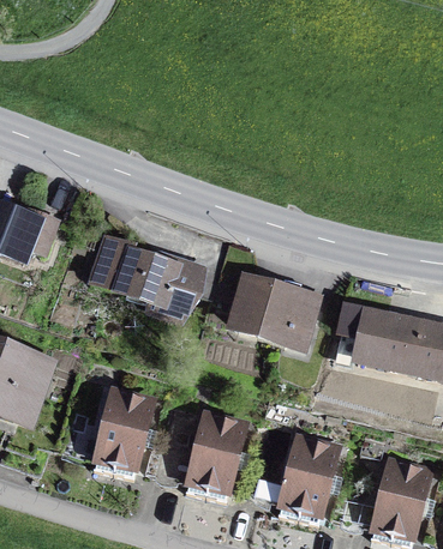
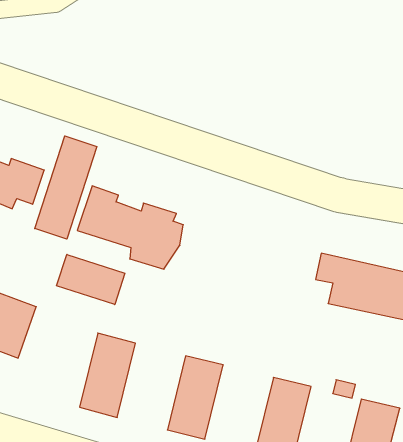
building: none -> [35,136,97,239]
building: [234,278,317,345] -> none
building: none -> [57,254,125,305]

